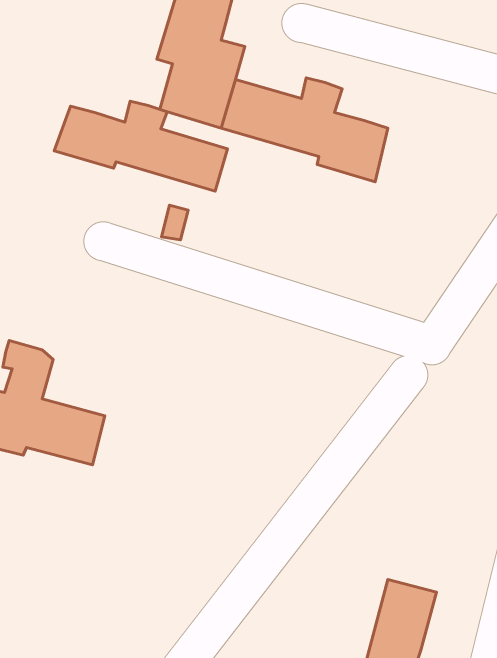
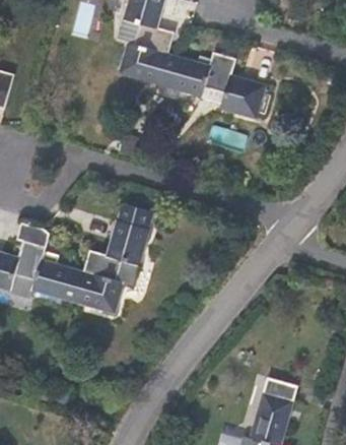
building: [54,101,228,191] -> none
building: none -> [75,203,154,314]

